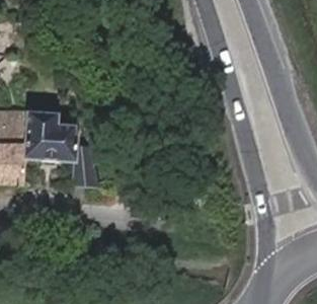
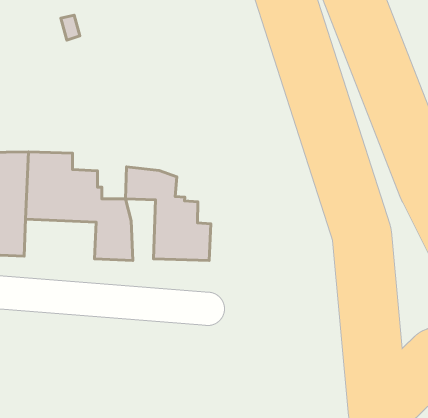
building: none -> [125,167,211,261]

